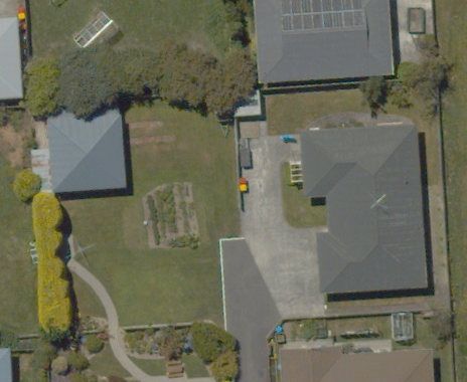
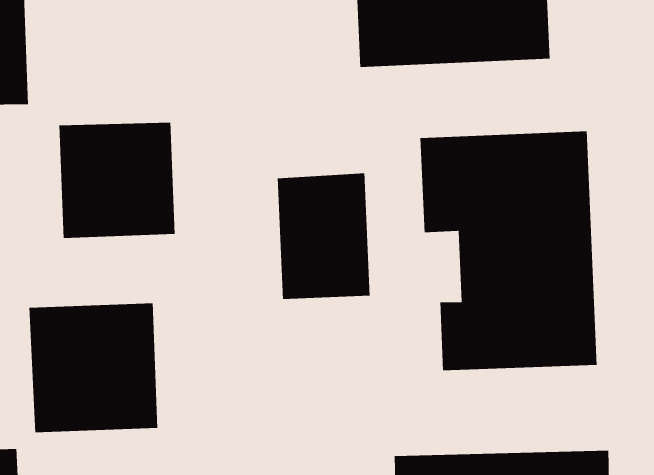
building: none -> [277,172,370,300]
building: none -> [28,303,158,433]

